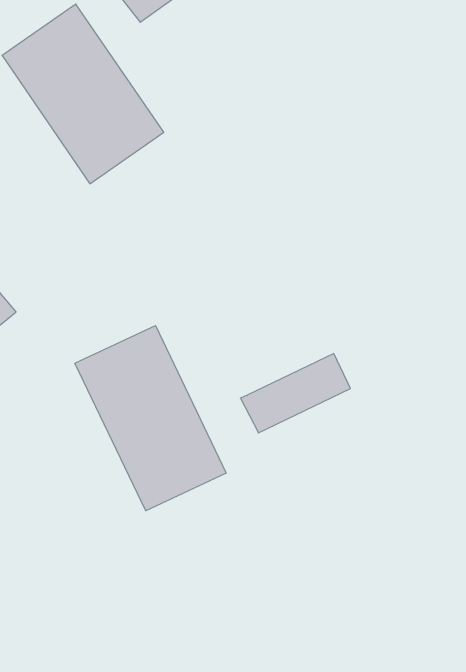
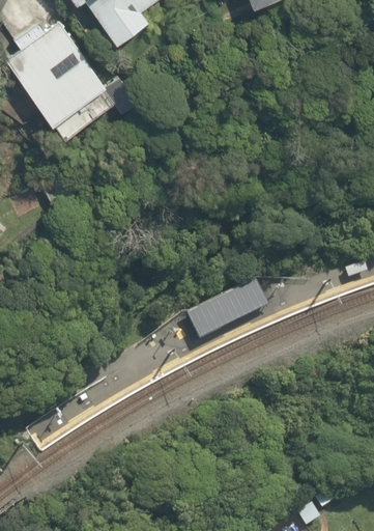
building: [75,326,226,511] -> none

